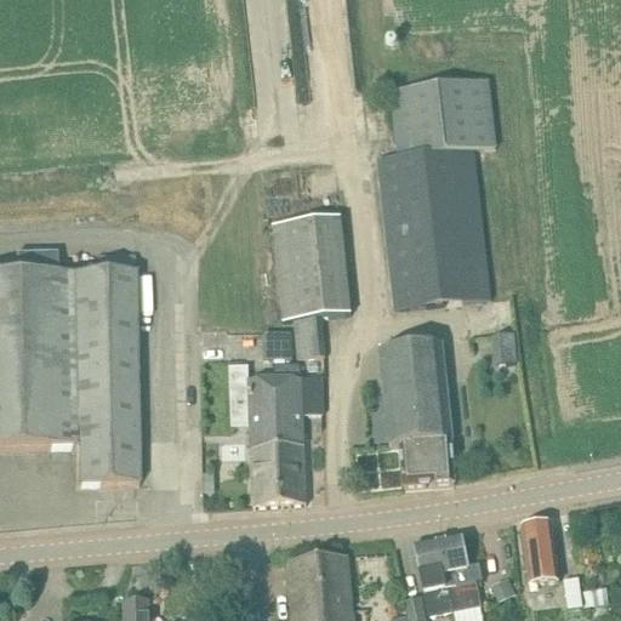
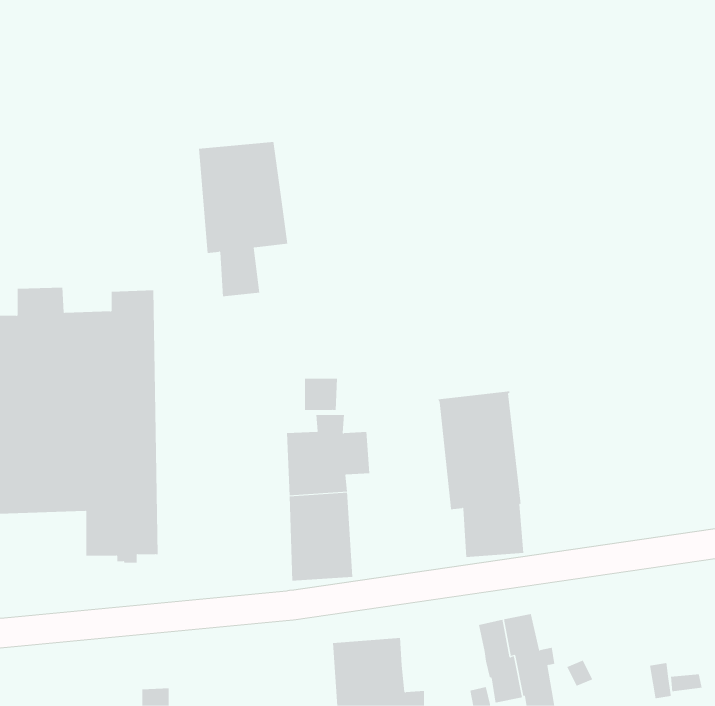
building: [377,76,495,304] -> none
building: [275,220,353,354] -> [198,141,288,297]
building: [520,518,557,587] -> none

